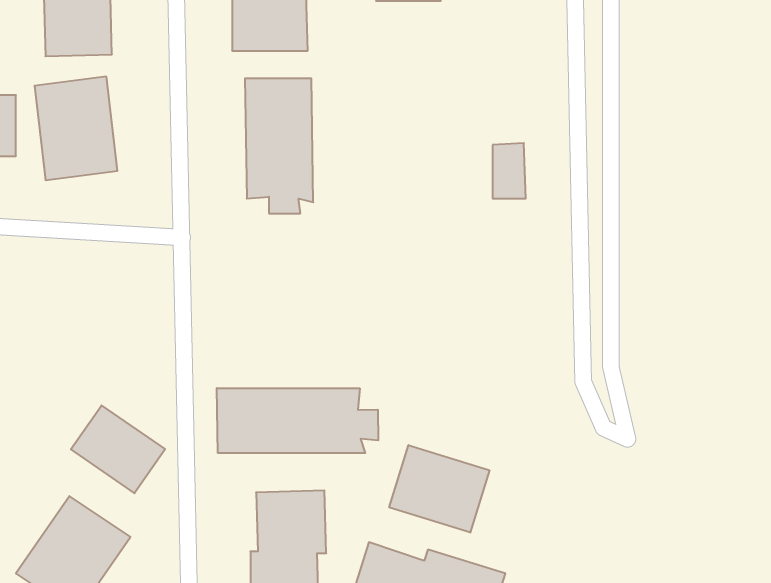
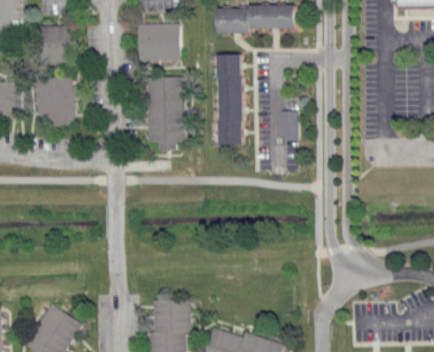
building: none -> [217,55,242,145]
building: [217,388,378,453] -> none
building: [71,405,165,493] -> none
building: [389,445,489,533] -> none

